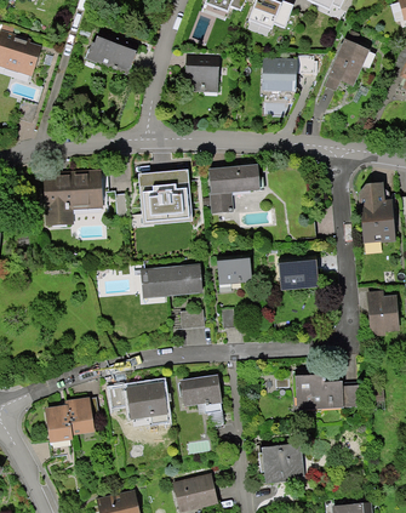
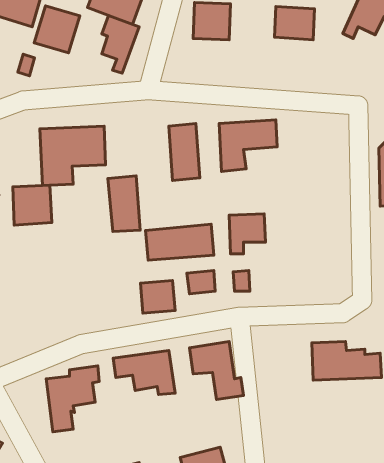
building: none -> [34,6,80,53]
building: none -> [102,15,139,73]
building: [135,171,165,223] -> [108,176,140,231]
building: none -> [13,185,52,225]
building: [276,256,320,283] -> none
building: none -> [140,280,175,313]
building: [263,443,302,481] -> none

